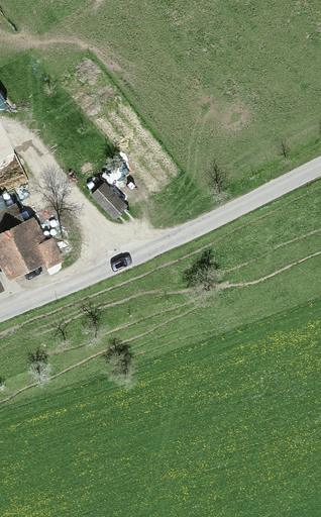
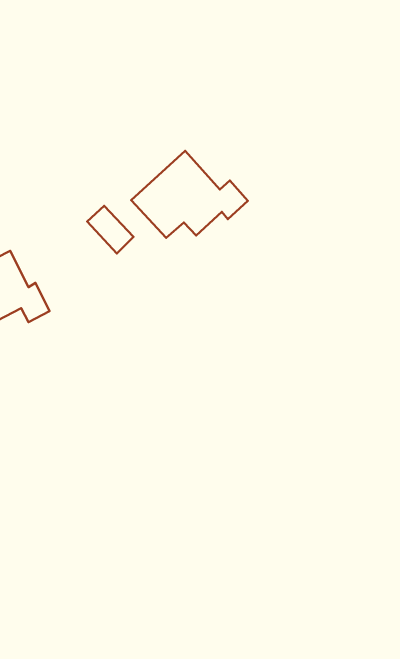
building: none -> [131,151,248,238]

